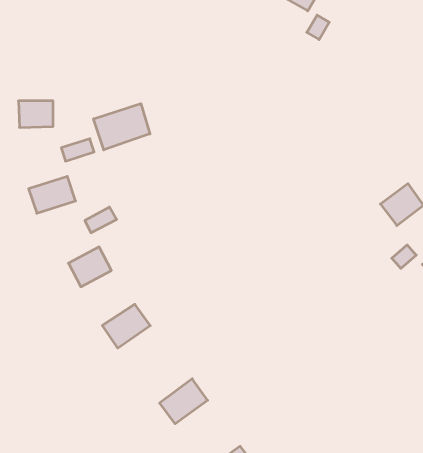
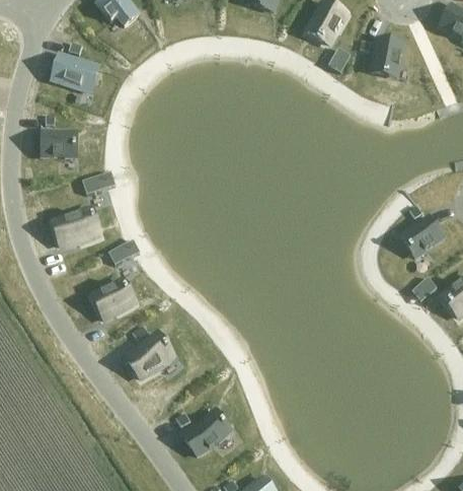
building: none -> [372,41,402,77]
building: none -> [53,55,98,91]
building: [94,104,150,150] -> none

